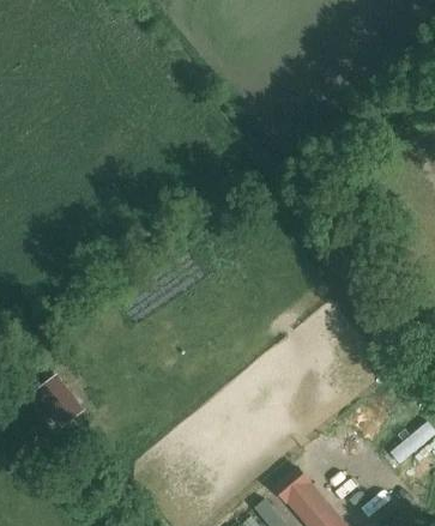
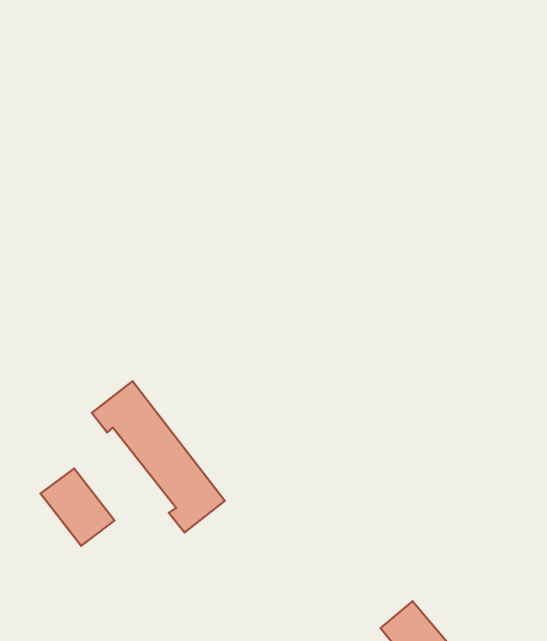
building: none -> [92,381,225,532]

